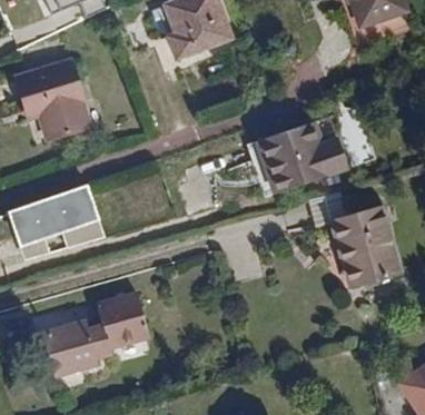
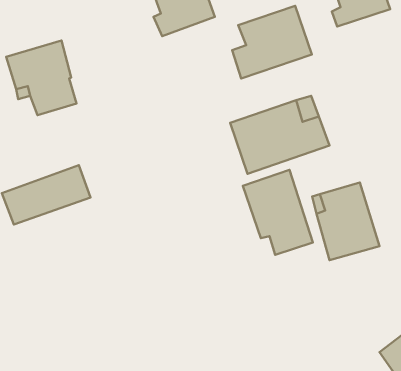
building: none -> [232,6,312,79]
building: none -> [243,170,313,255]
building: [38,293,148,376] -> none

